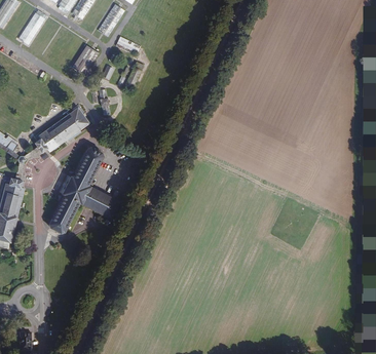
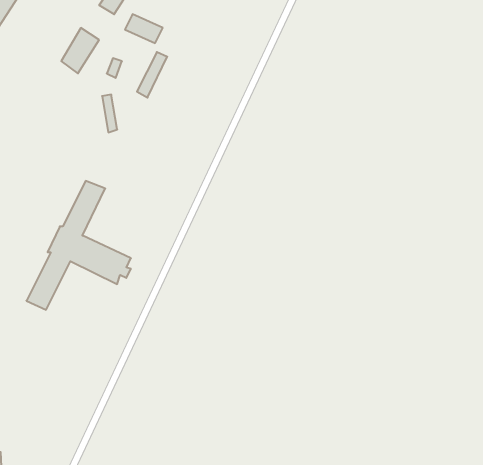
building: [35,107,87,152] -> none

